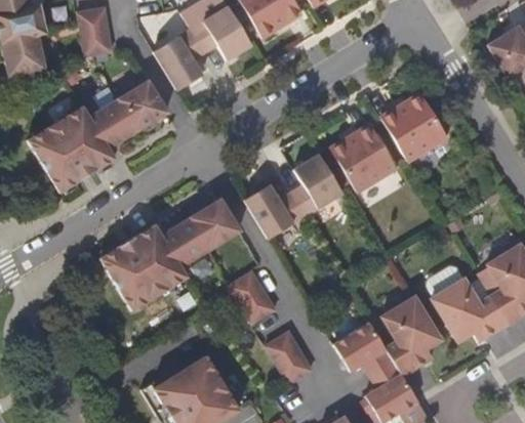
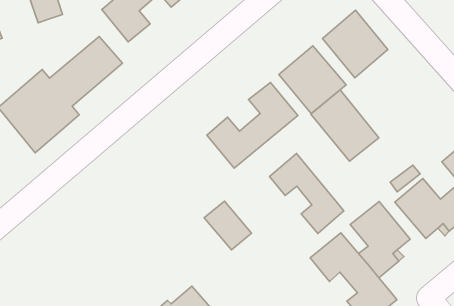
building: none -> [311,90,379,161]
building: [102,199,240,309] -> none
building: none -> [269,154,344,233]
building: [266,331,312,384] -> none

